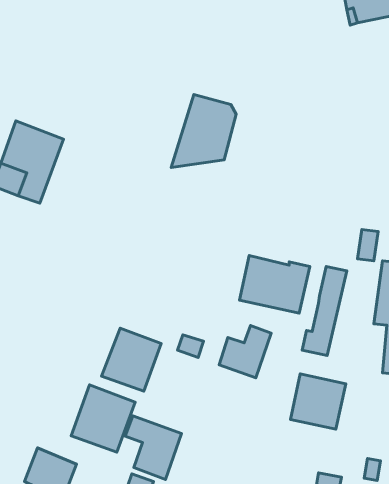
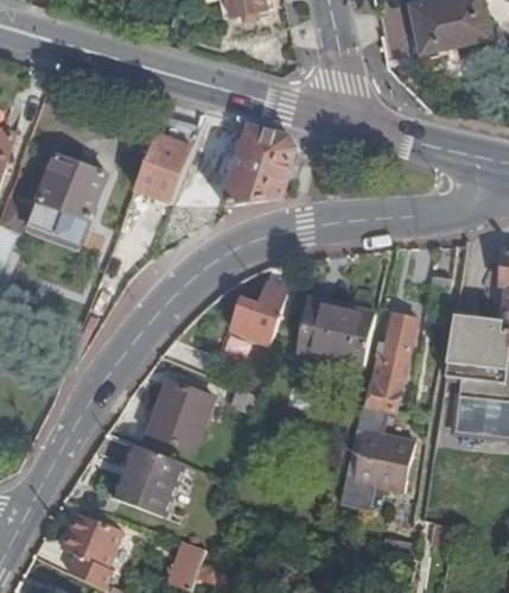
building: none -> [133,118,198,204]
building: [219,326,271,378] -> [228,286,285,343]
building: [125,416,182,479] -> none

